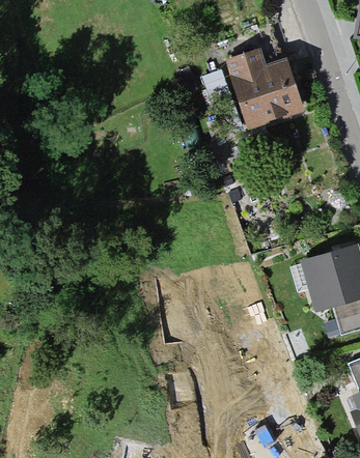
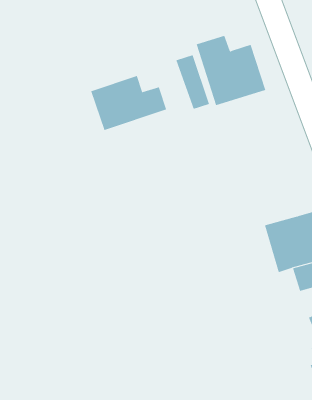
building: none -> [90,75,167,131]

